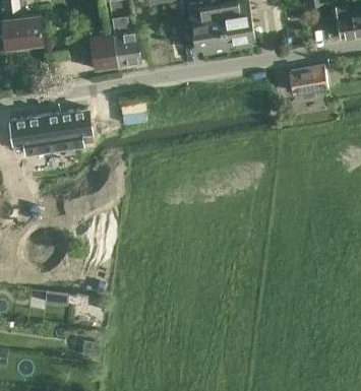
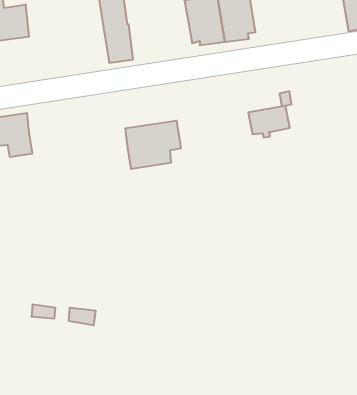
building: [89,36,117,72] -> none
building: [289,67,327,96] -> [248,106,290,138]
building: [41,108,93,152] -> [125,121,181,169]

